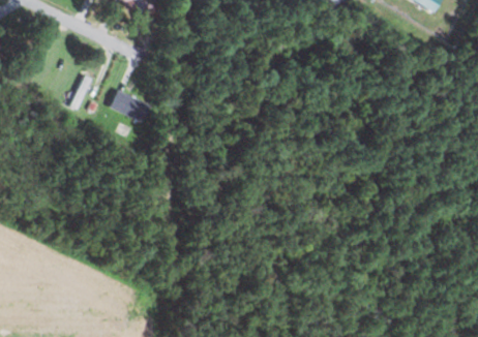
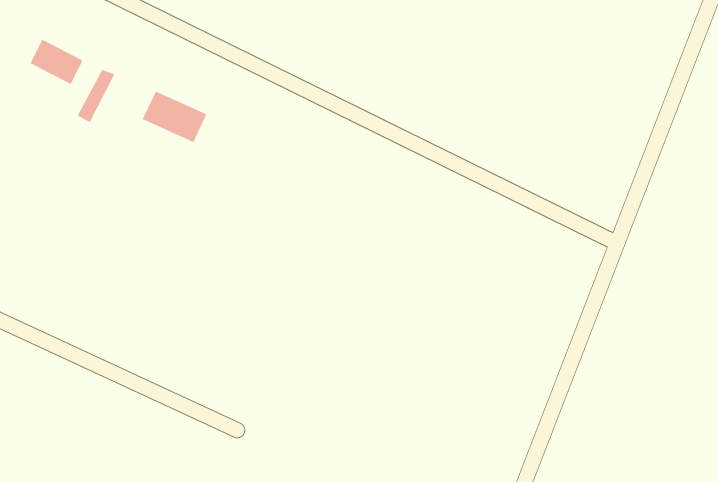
building: none -> [30,39,83,85]

